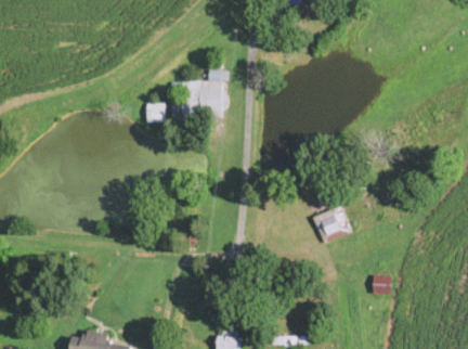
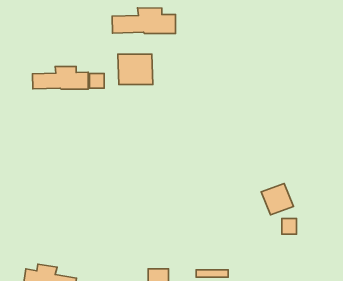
building: none -> [112,8,176,33]
building: none -> [33,66,88,89]
building: [313,205,351,242] -> [261,183,293,215]

